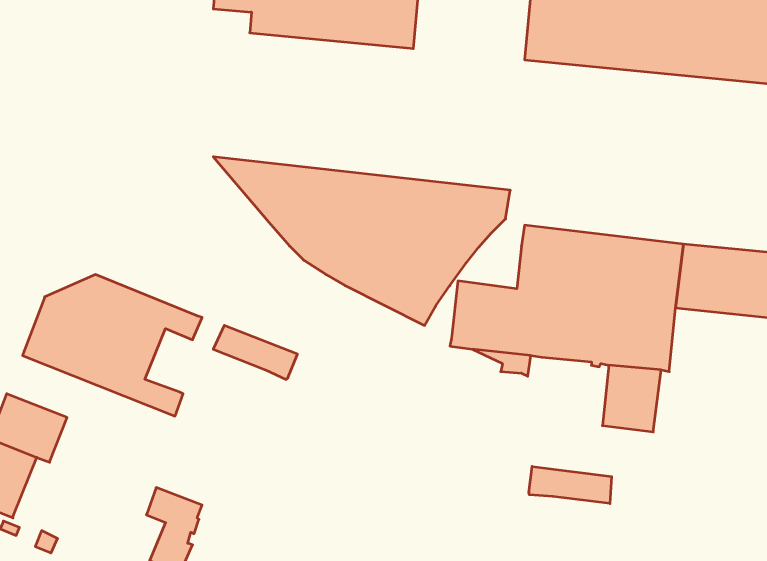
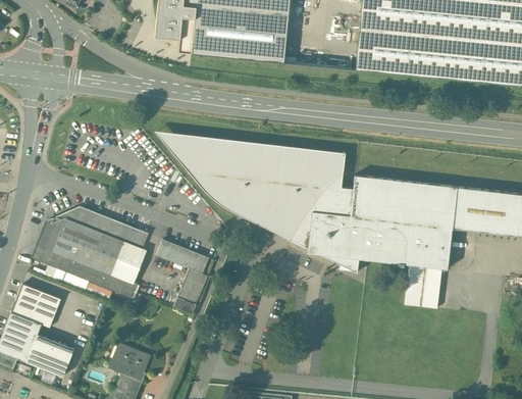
building: none -> [291,170,353,247]
building: none -> [111,241,146,282]
building: none -> [173,267,207,313]
building: [529,466,612,504] -> none
building: none -> [27,334,73,376]

